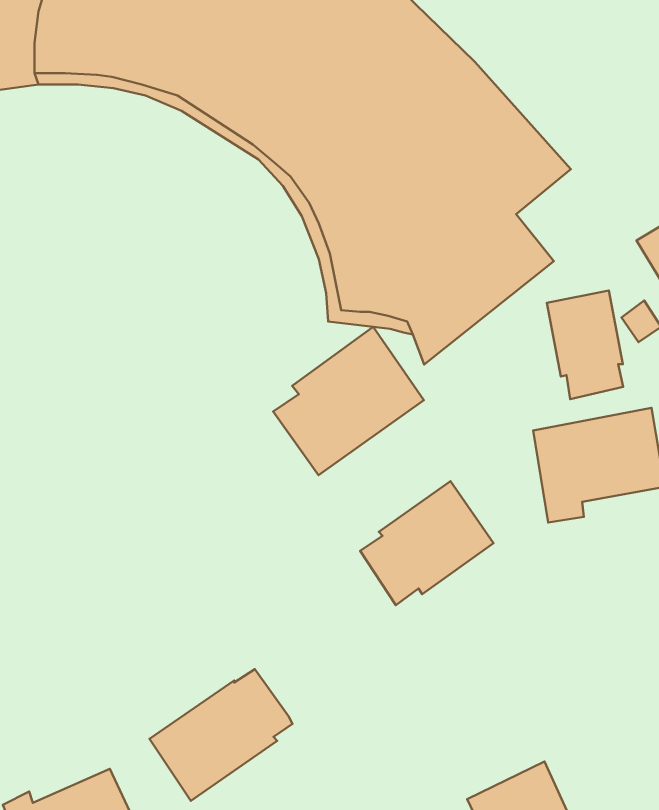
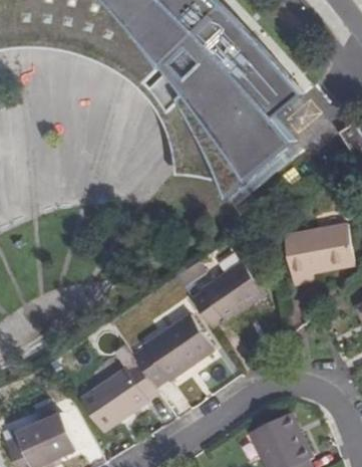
building: [547,290,623,399] -> none
building: [273,327,424,475] -> none
building: none -> [132,313,214,386]

